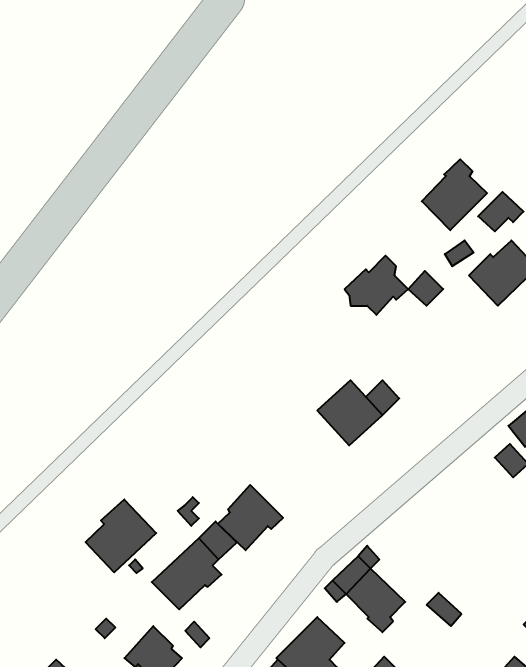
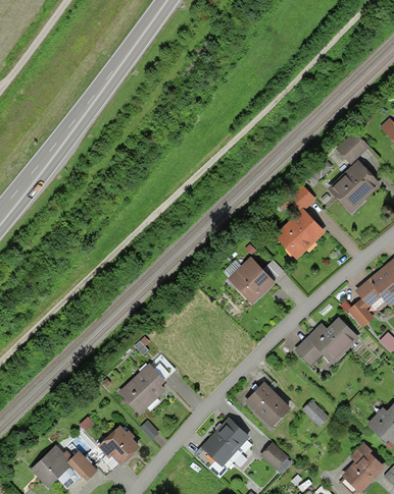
building: [422,159,487,230] -> none
building: [345,256,408,315] -> [279,211,322,251]
building: none -> [296,319,356,361]
building: [218,485,283,550] -> none
building: [86,499,156,572] -> none

